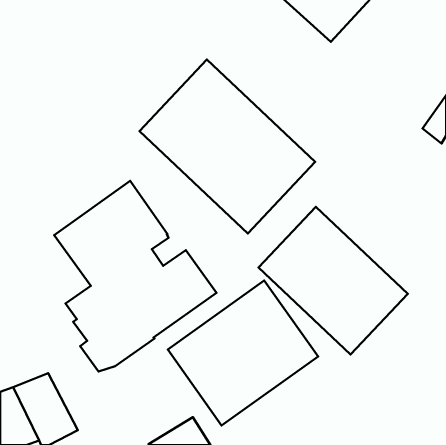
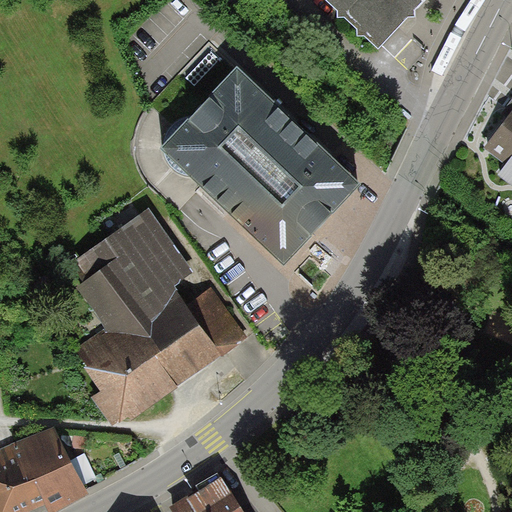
building: [258,207,408,355] -> none
building: [168,281,318,425] -> none

